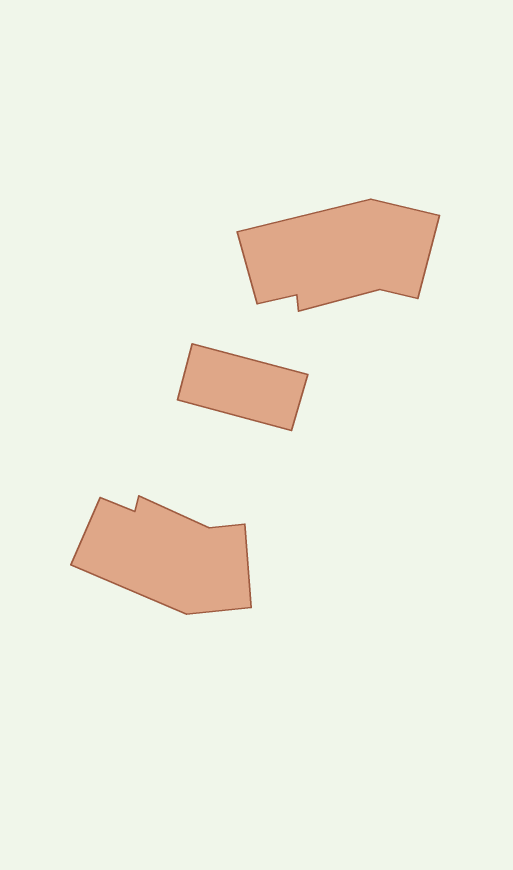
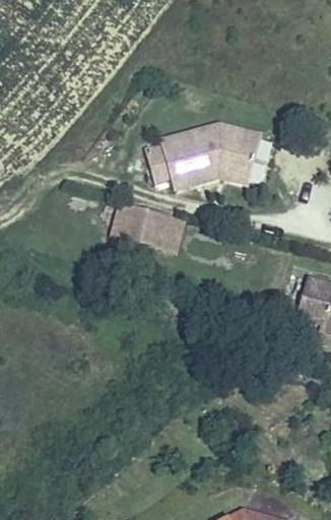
building: [71,496,251,614] -> none

